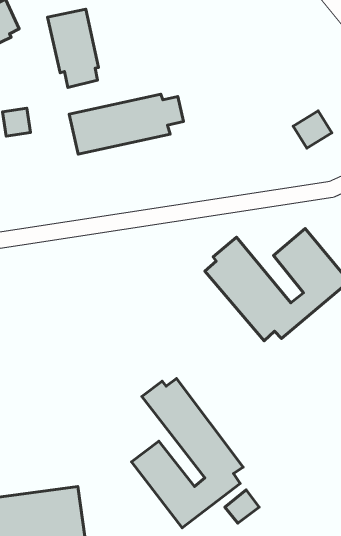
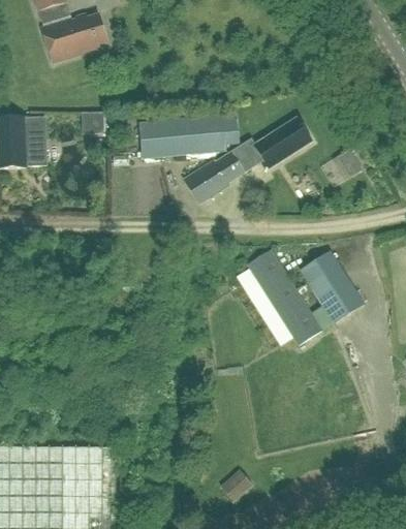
building: [48,9,98,88] -> none
building: none -> [185,117,311,201]
building: [131,379,243,528] -> none

